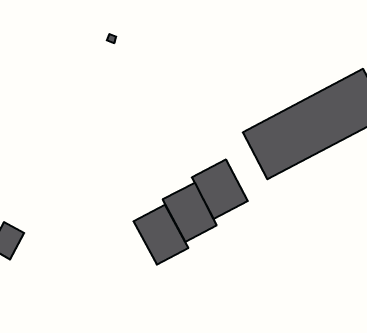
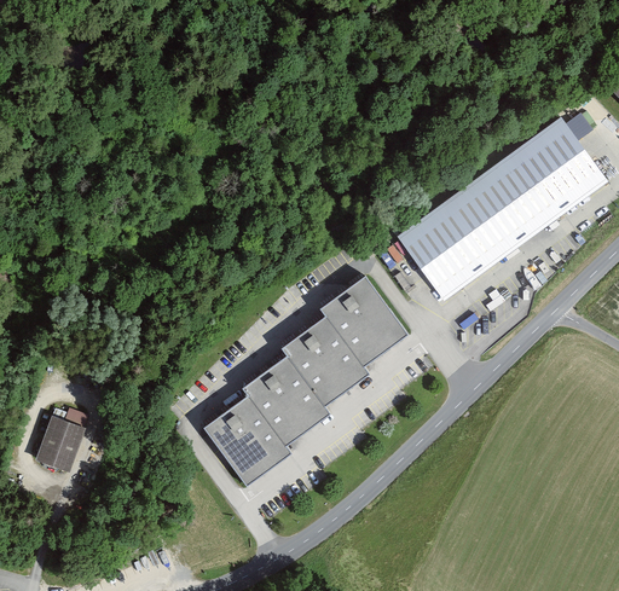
building: none -> [204,395,294,487]

